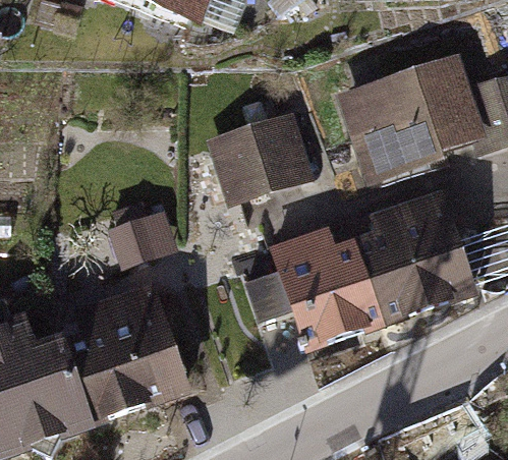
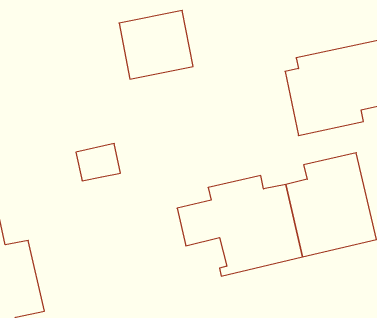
building: [213,114,305,202] -> [119,10,193,79]
building: [67,284,186,420] -> none

